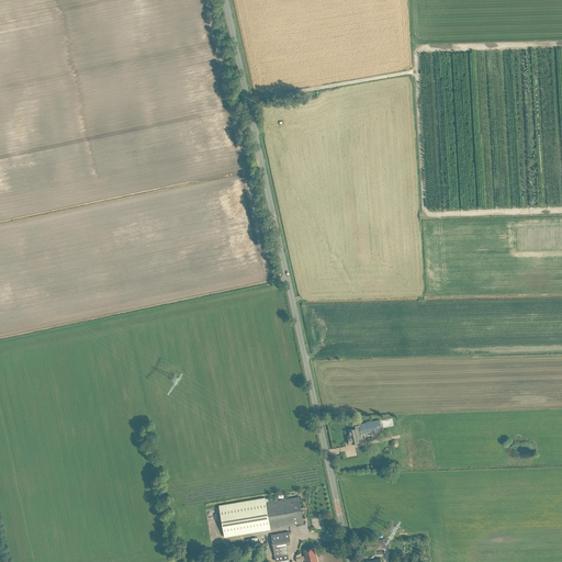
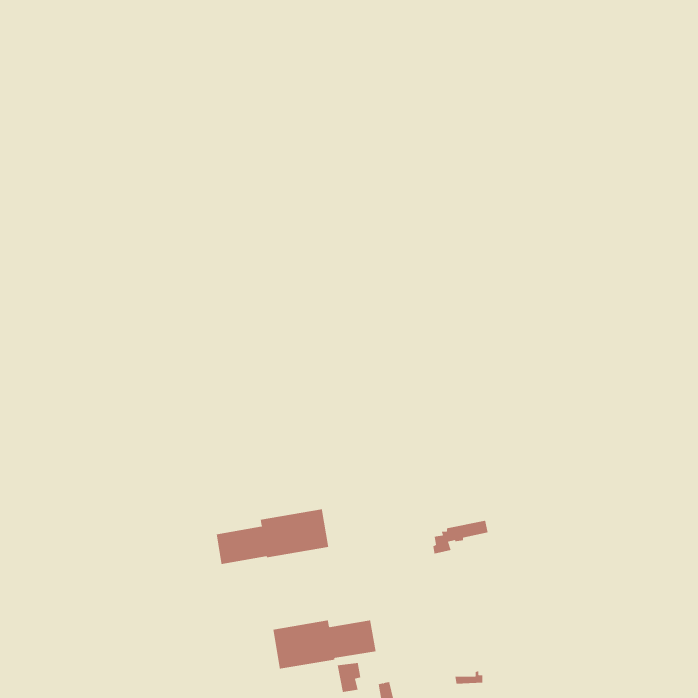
building: none -> [216,508,329,565]

